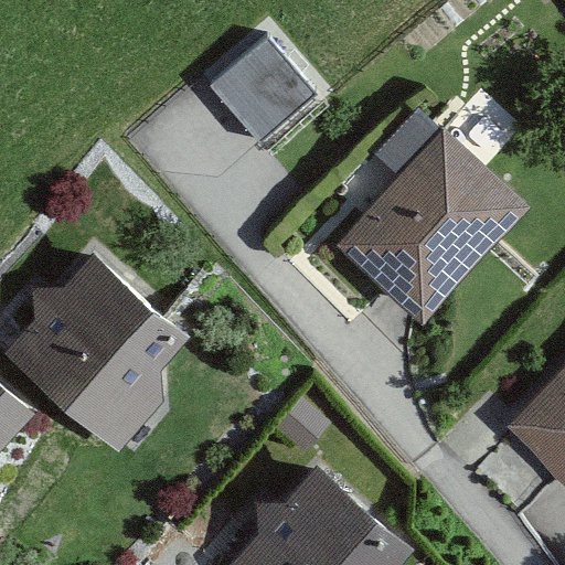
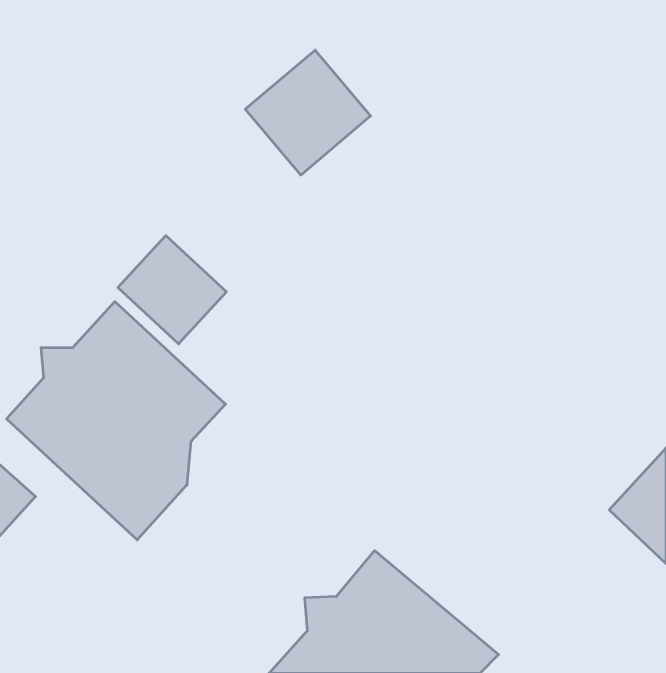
building: [338,113,530,322] -> none
building: none -> [118,236,226,344]

